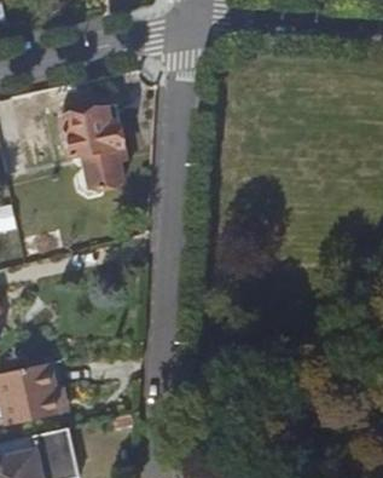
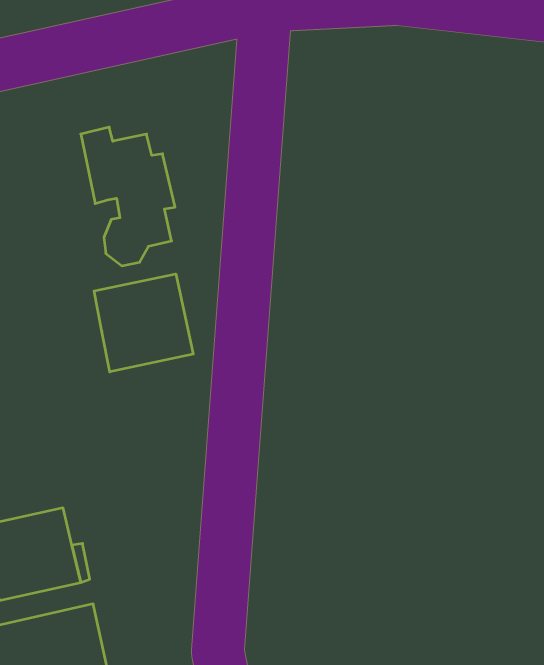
building: none -> [94,274,193,372]

